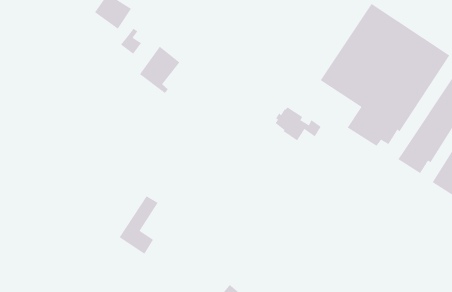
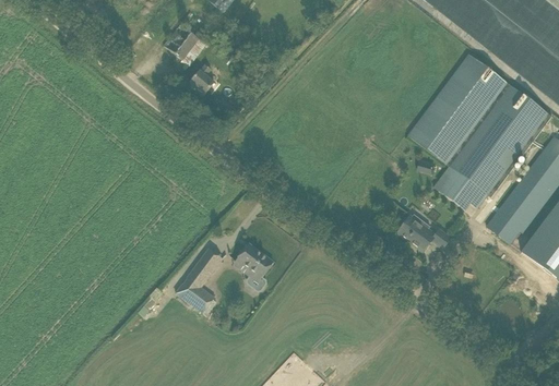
building: [139,46,180,94] -> none
building: [273,107,322,141] -> [397,214,450,252]
building: none -> [236,245,273,291]

